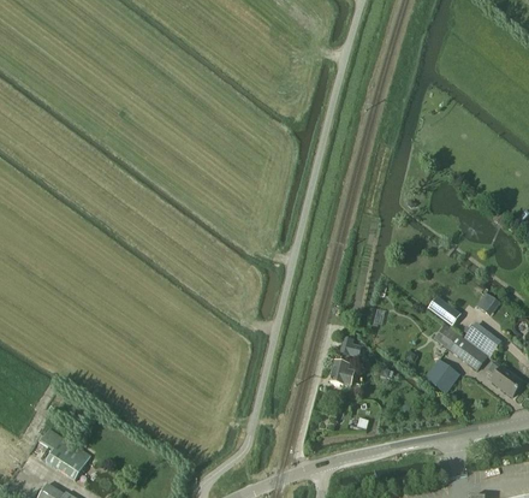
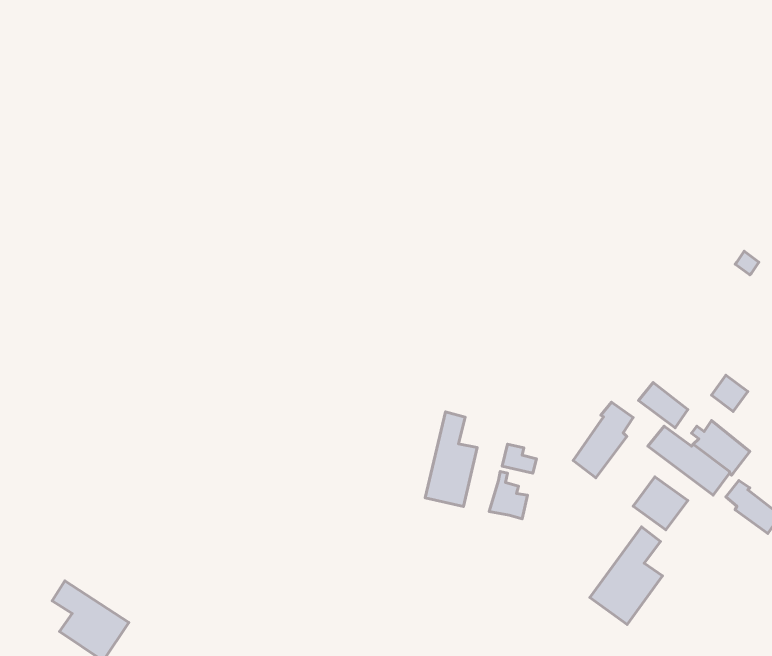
building: none -> [573,402,633,478]
building: none -> [425,412,477,507]
building: none -> [590,527,663,625]

